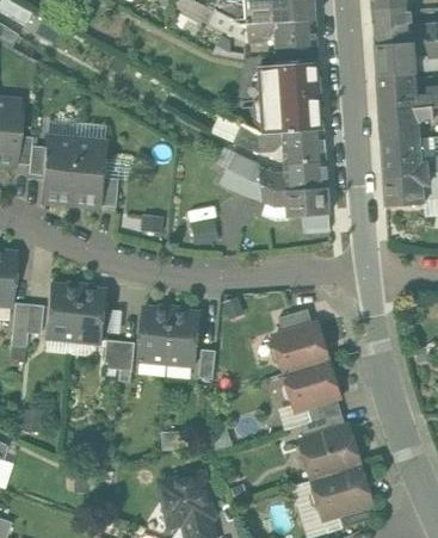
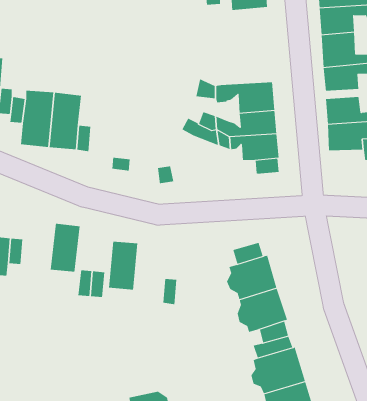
building: [258,61,322,131] -> none
building: [43,284,78,339] -> none
building: [166,309,199,364] -> none

